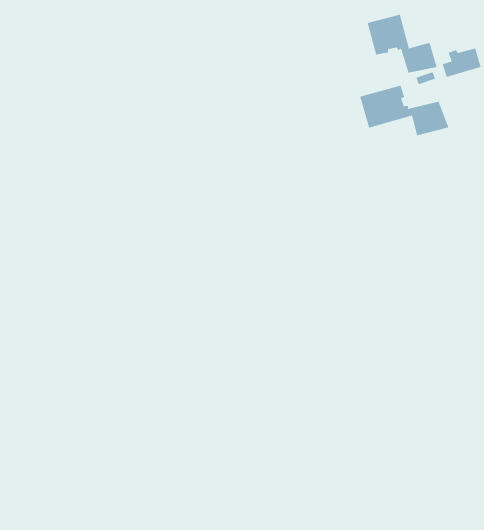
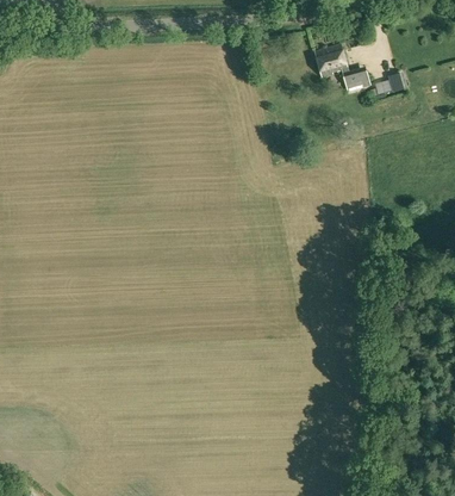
building: [359,85,449,136] -> none

